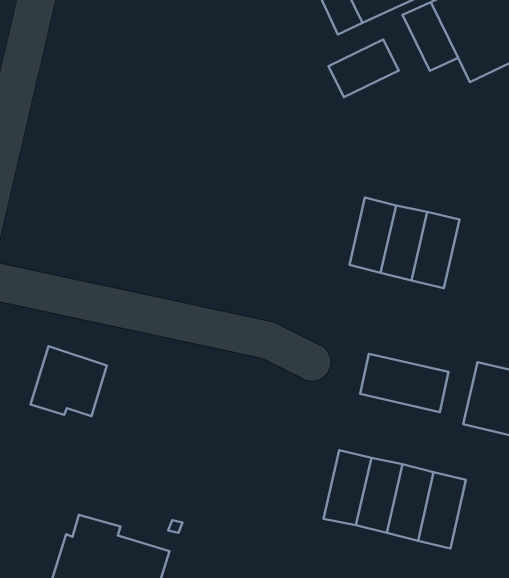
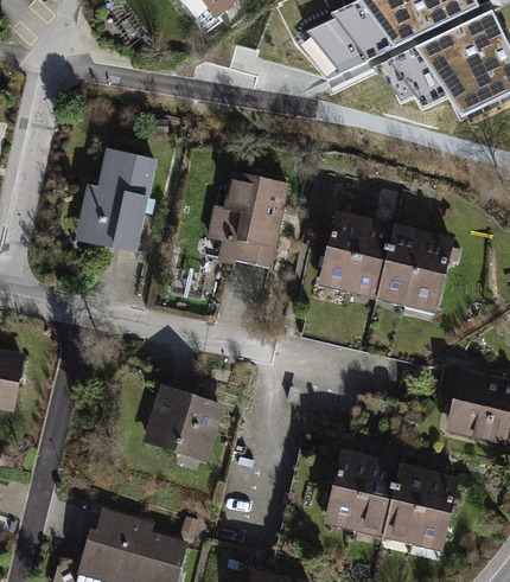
building: [328,39,399,97] -> none
building: none -> [83,153,153,251]
building: none -> [206,173,286,268]
building: none -> [320,216,364,284]
building: [31,346,107,416] -> [148,389,218,453]
building: [360,354,448,412] -> none

